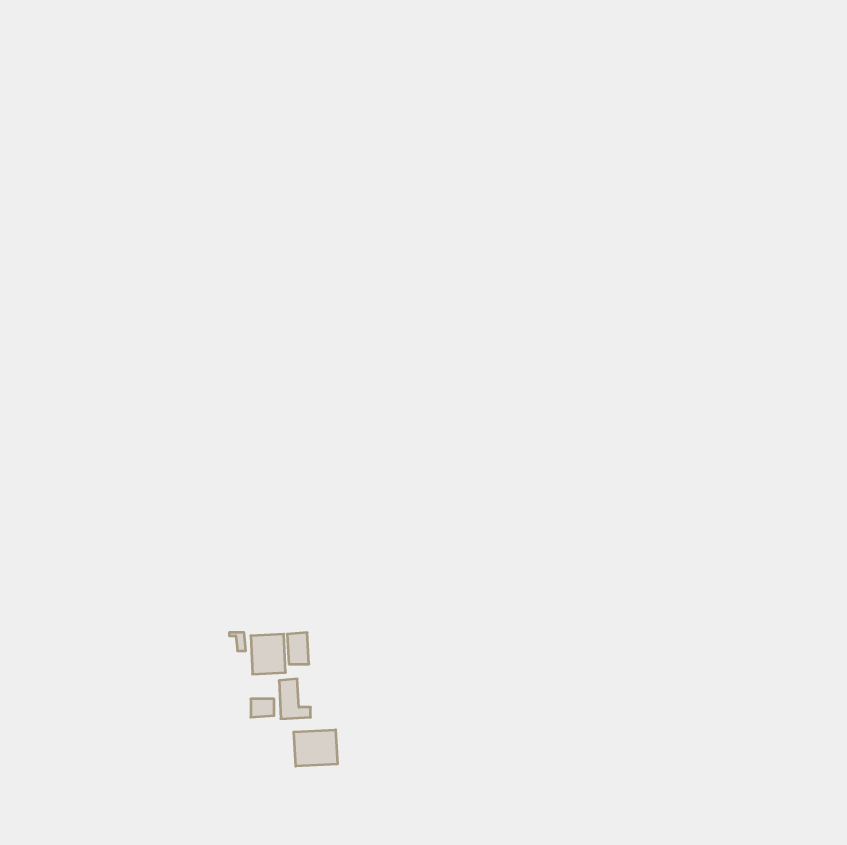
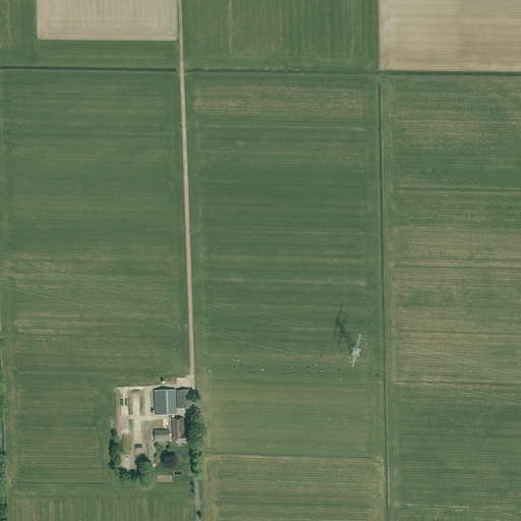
building: [294,730,337,766] -> none

